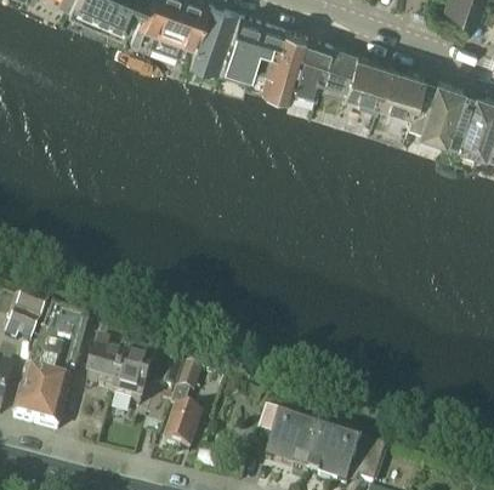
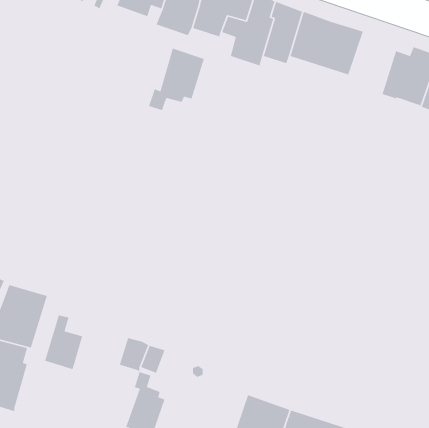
building: [375,67,424,127] -> none
building: none -> [148,47,205,111]
building: [109,346,153,406] -> none

